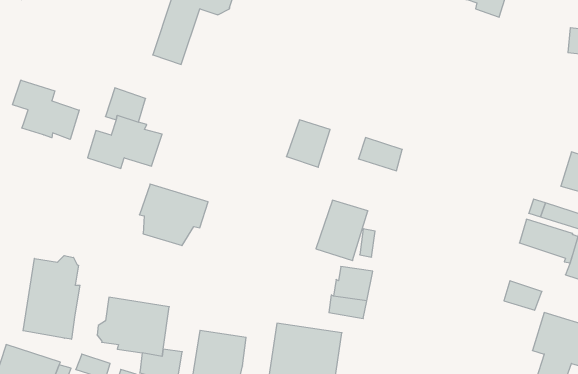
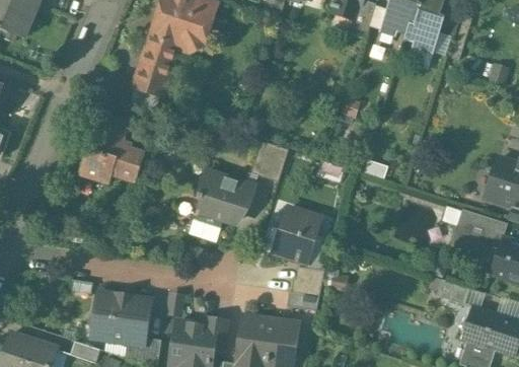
building: [13,80,79,139] -> none
building: [139,184,208,246] -> [197,170,255,223]
building: [23,256,80,339] -> none
building: none -> [203,317,229,353]

